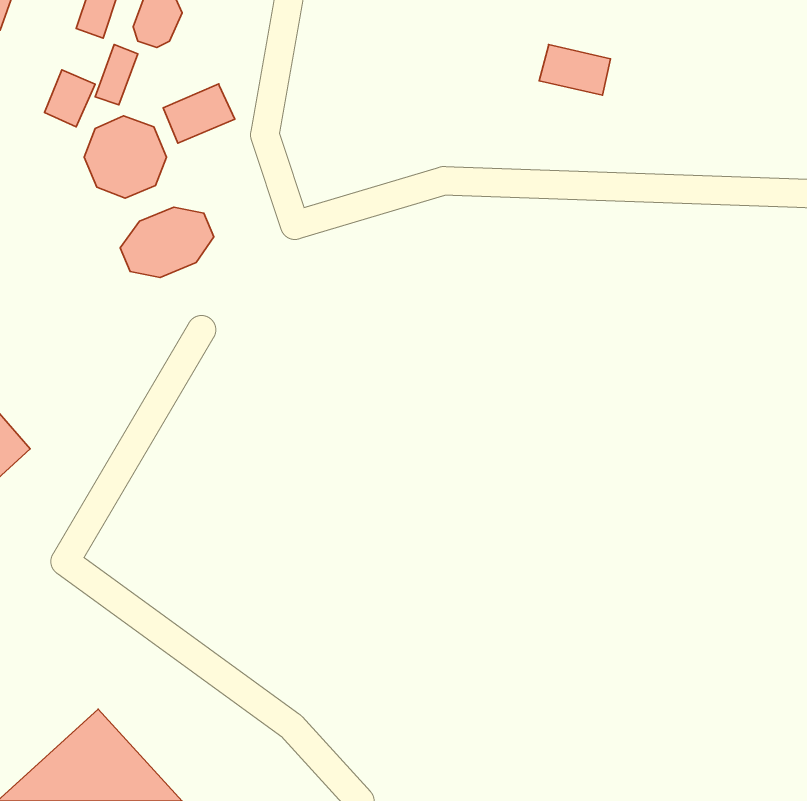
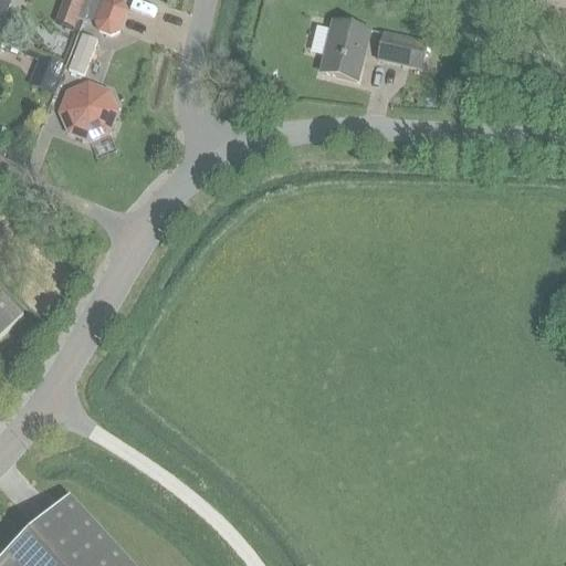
building: none -> [321,20,366,77]
building: [163,84,235,143] -> none
building: [120,207,214,277] -> none

